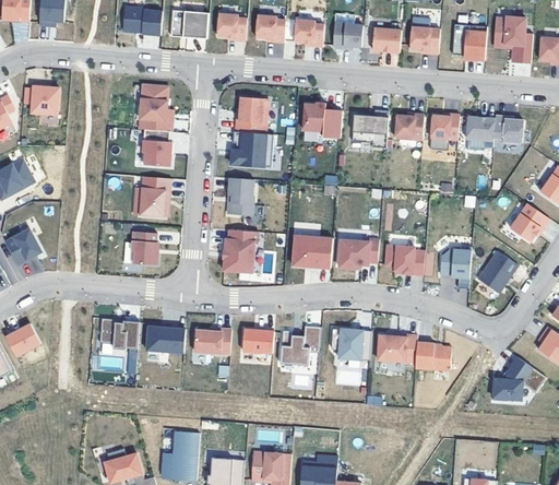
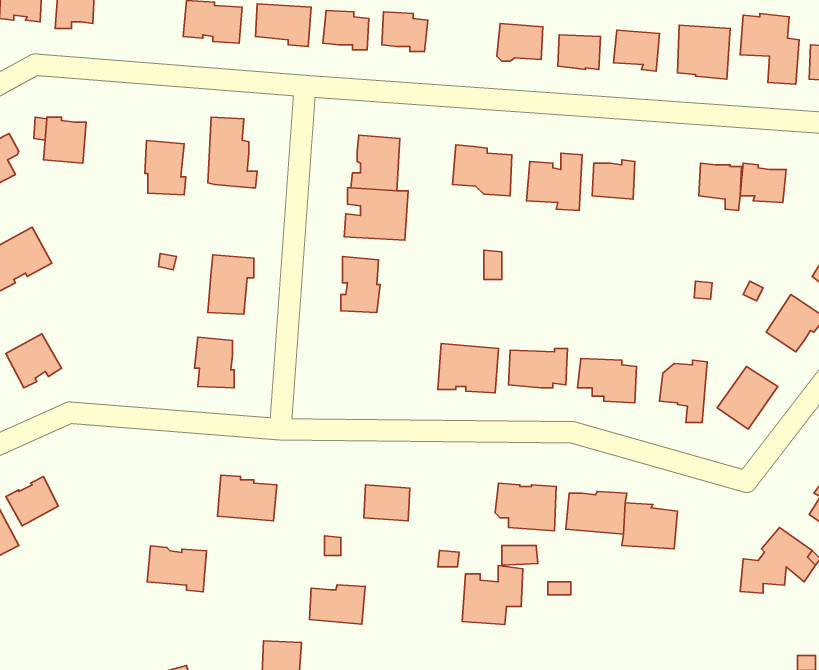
building: [293,19,323,45] -> none
building: [430,113,459,139] -> none
building: [142,129,169,165] -> [145,141,186,195]
building: [223,228,258,272] -> none
building: [99,318,139,348] -> [147,546,206,592]
building: [280,324,320,364] -> [462,566,523,625]
building: [194,328,231,354] -> [309,585,365,624]

